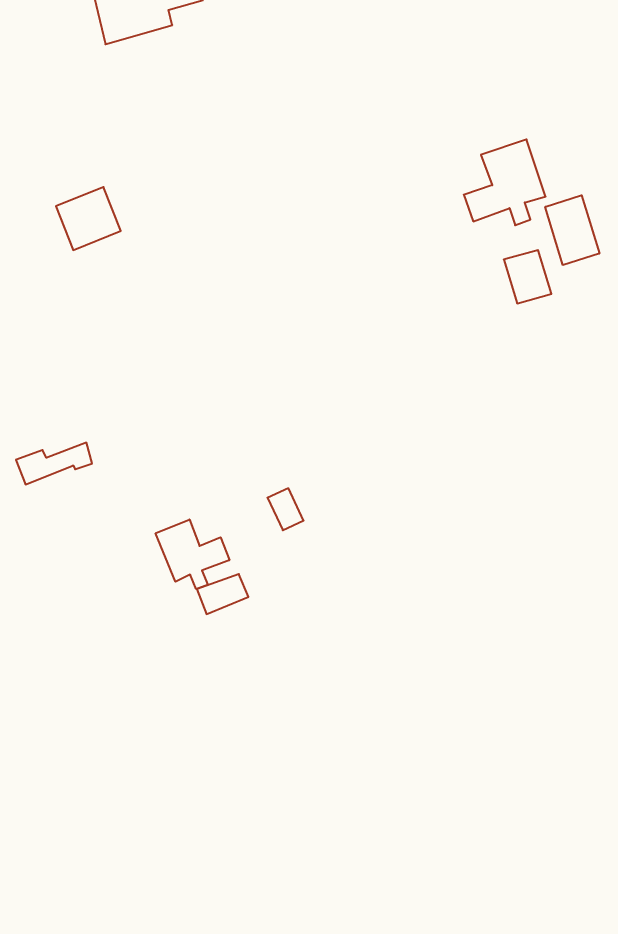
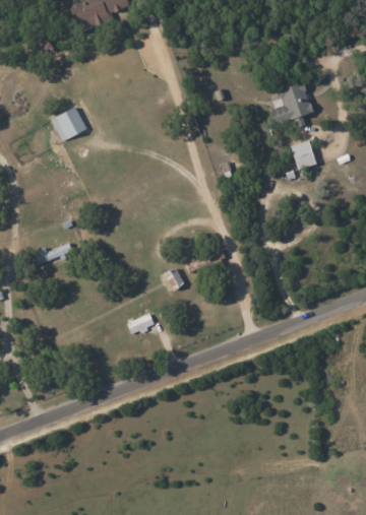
building: [545,195,599,265] -> none
building: [156,519,229,589] -> none

